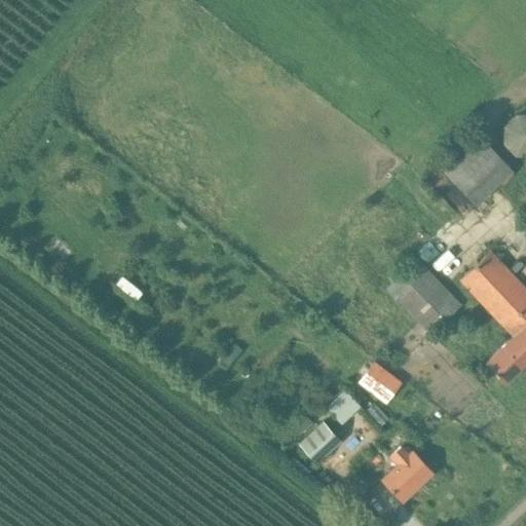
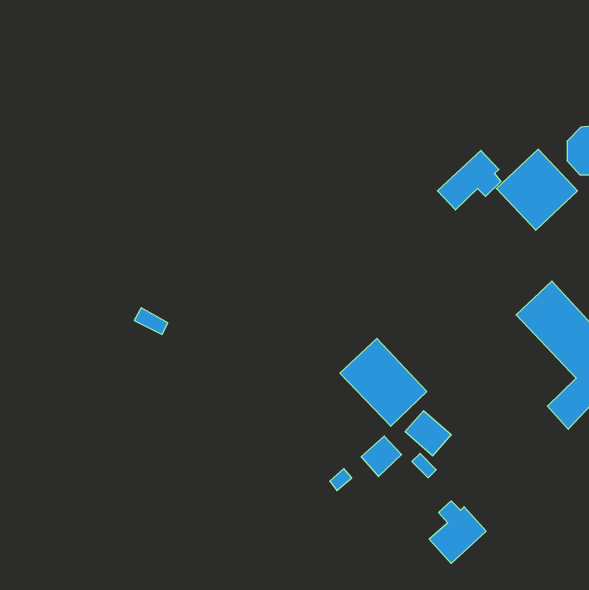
building: none -> [437,150,501,210]
building: [386,258,463,336] -> [340,338,427,426]
building: [299,420,343,463] -> none

